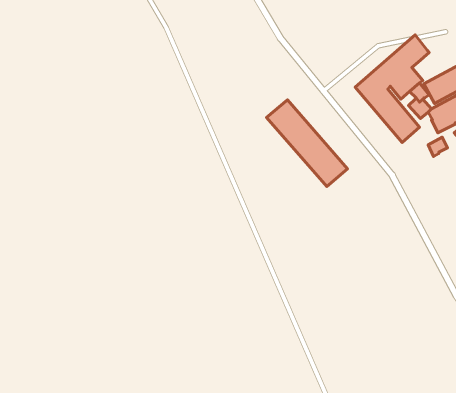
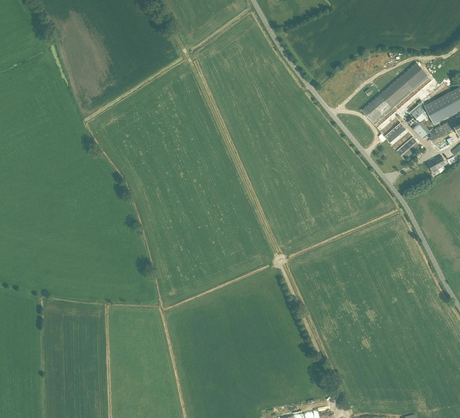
building: [266,100,348,187] -> none

